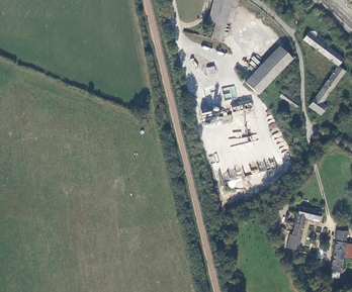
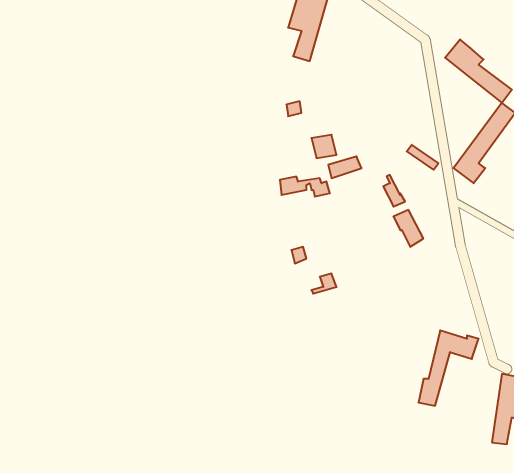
building: [246,44,293,93] -> none

